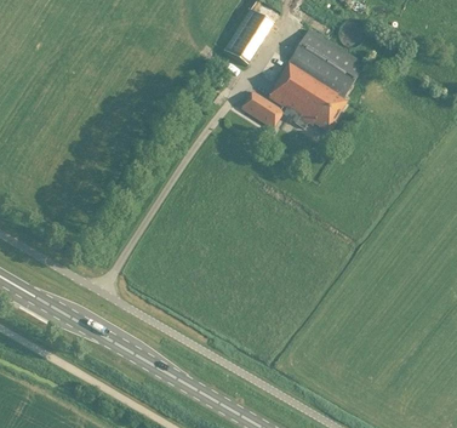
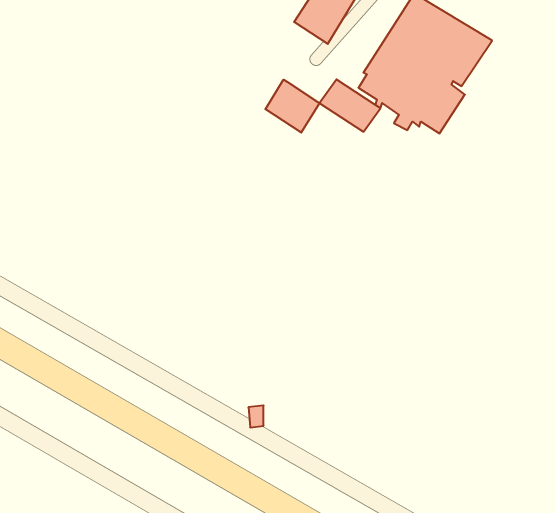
building: none -> [265,80,319,133]

